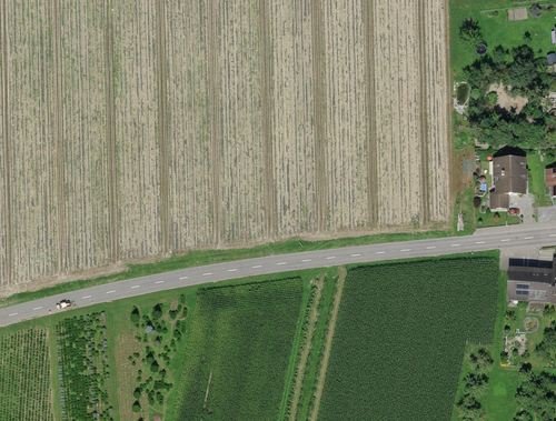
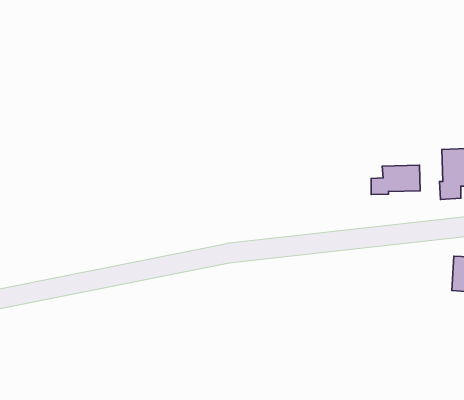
building: none -> [371,165,420,194]

